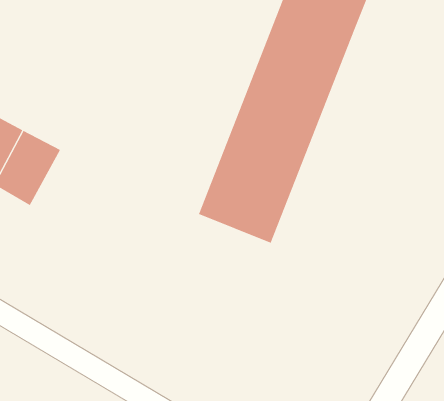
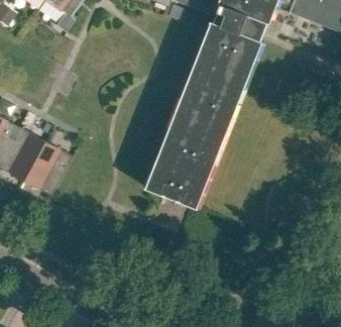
building: none -> [23,141,72,196]

